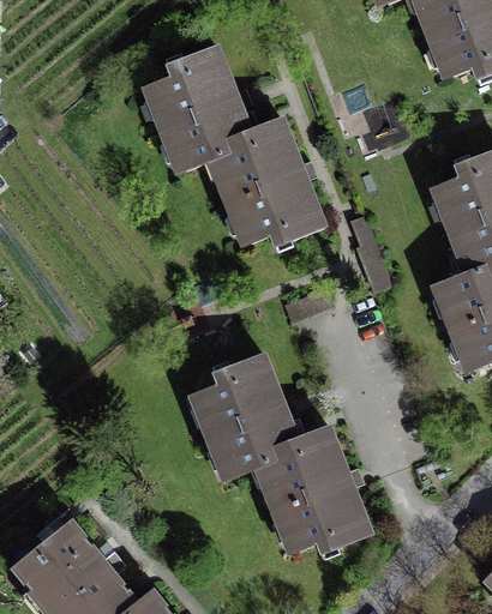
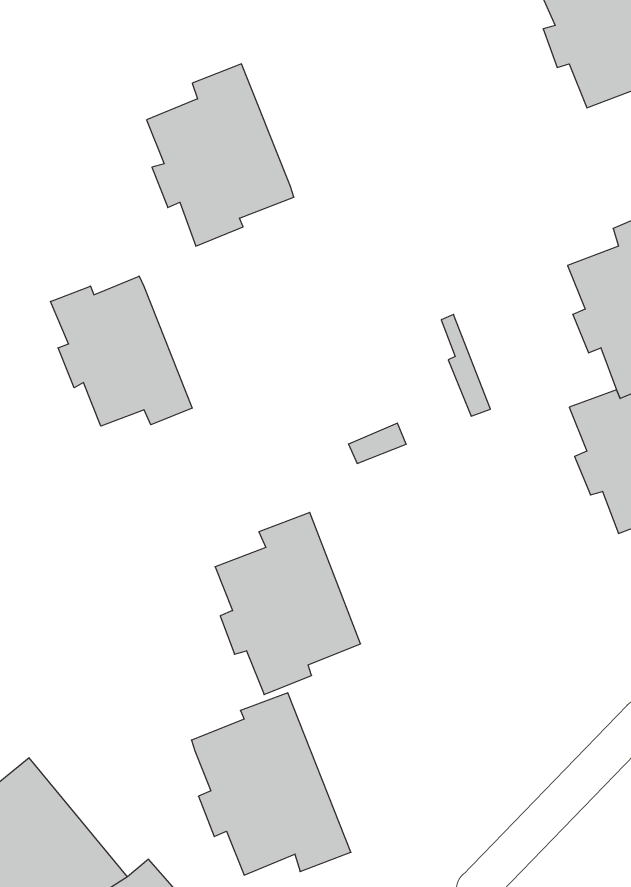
building: [215,119,324,243] -> none
building: none -> [50,276,192,426]
building: [262,426,371,550] -> [191,693,351,875]

